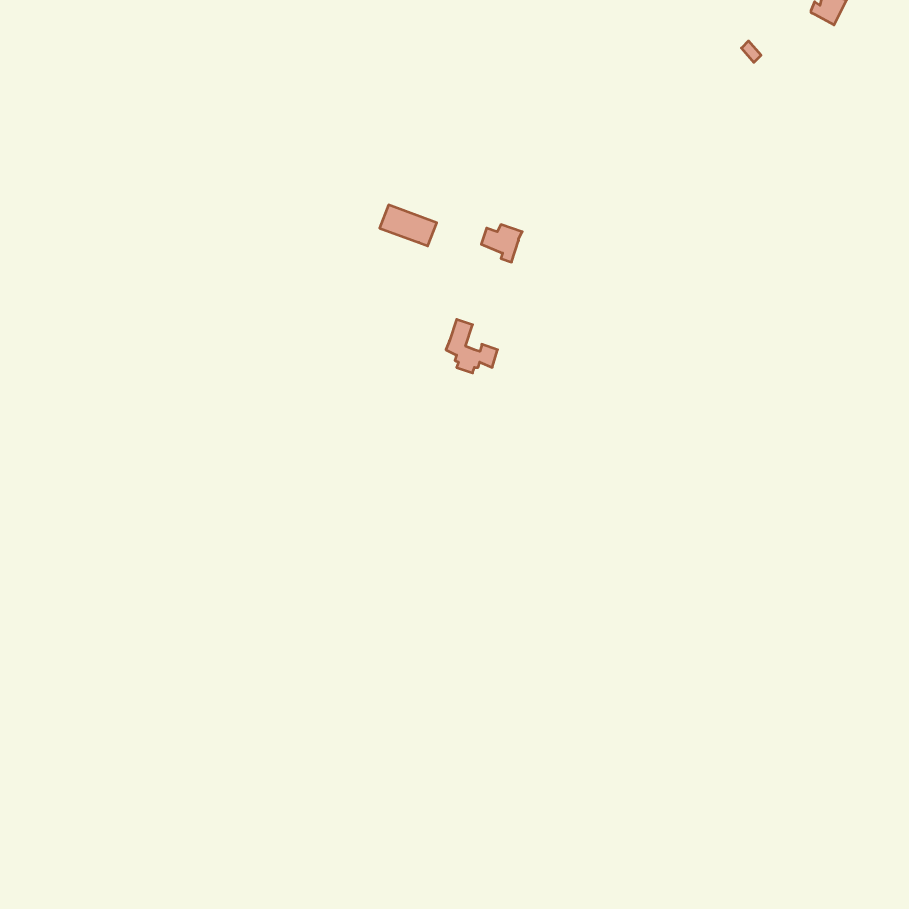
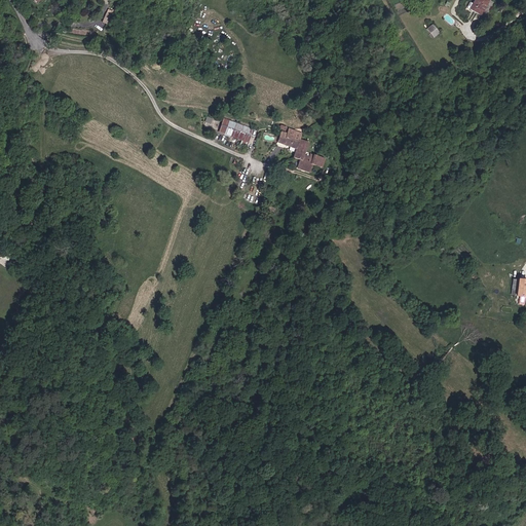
building: [446,319,498,373] -> [294,139,324,170]

